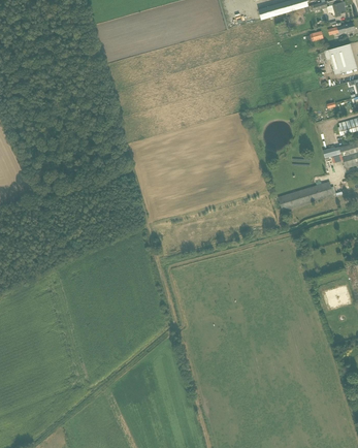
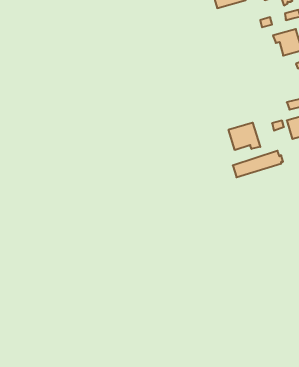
building: none -> [229,123,260,150]

